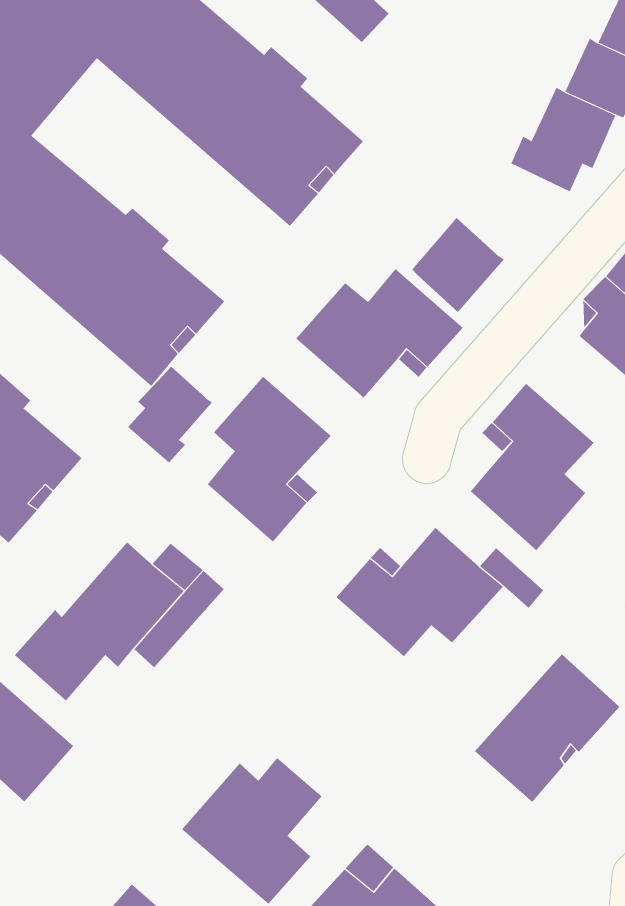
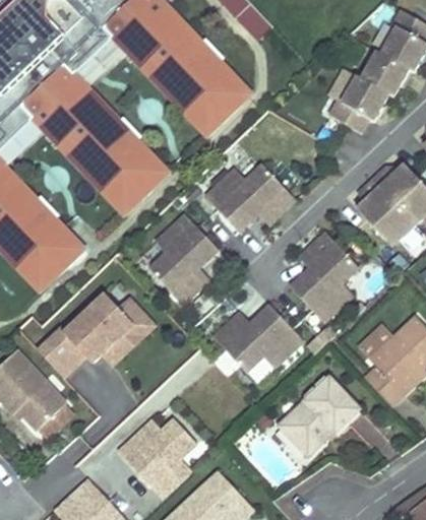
building: [412,217,505,313] -> none
building: [127,366,213,464] -> none

